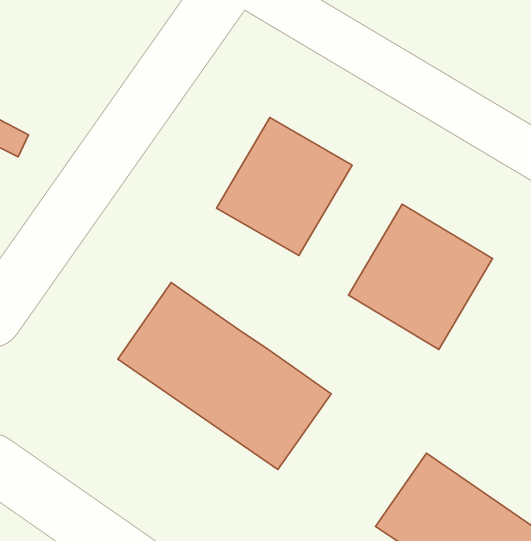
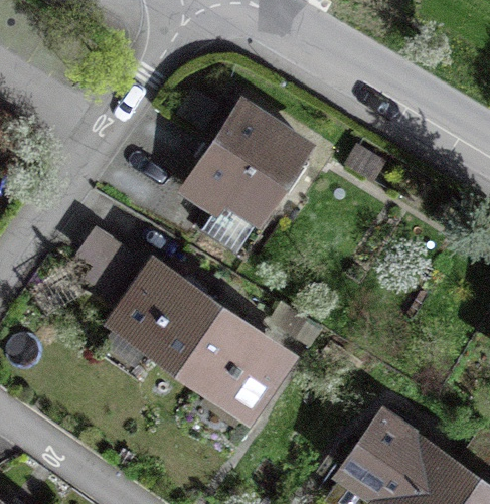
building: [348,204,493,350] -> none

